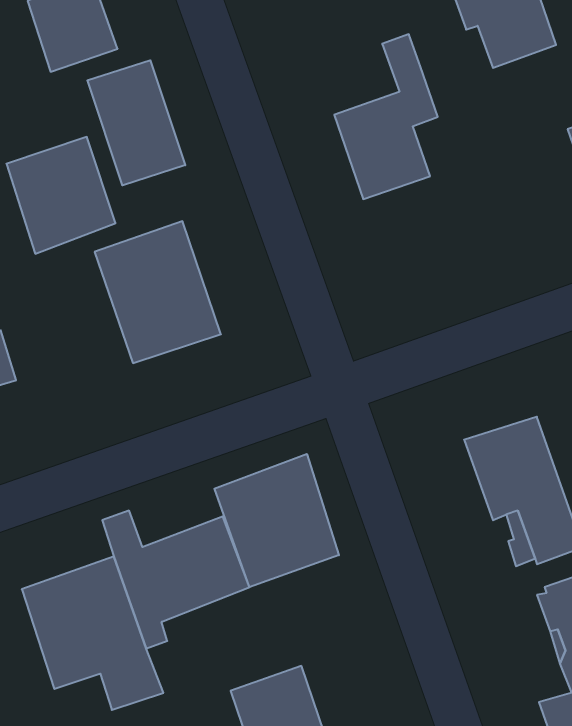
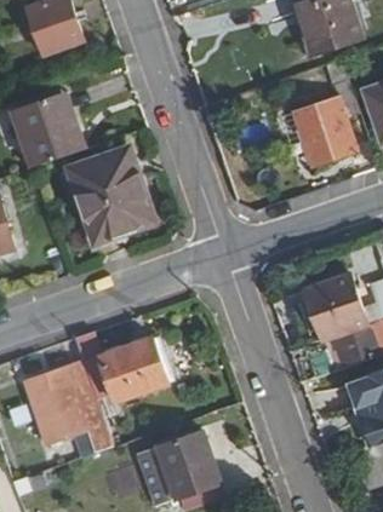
building: [334,34,438,199] -> [295,61,360,165]
building: [87,60,185,185] -> none
building: [214,454,339,587] -> none

